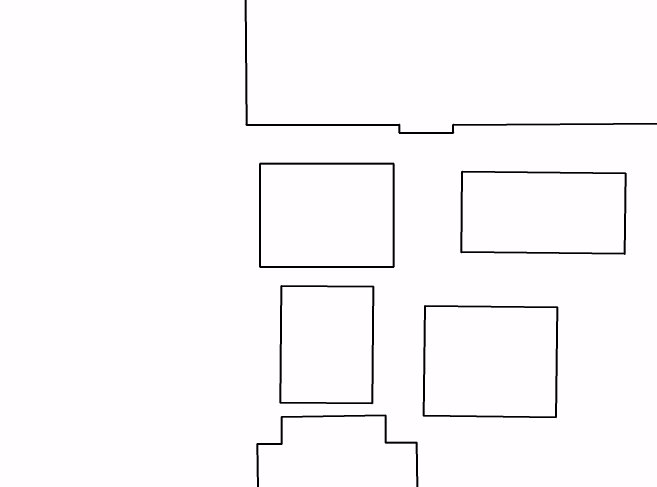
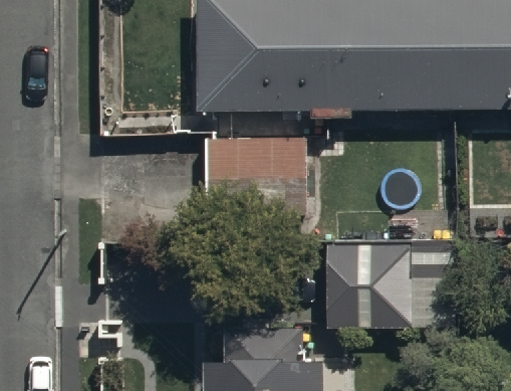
building: [461,172,625,254] -> none
building: [280,286,373,403] -> none

